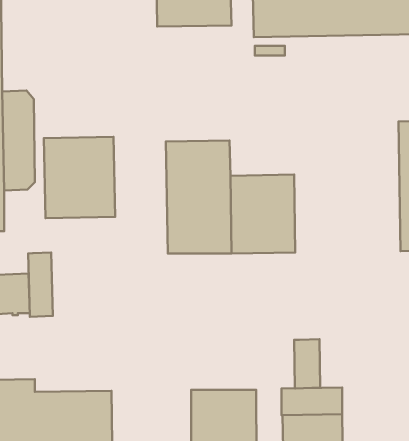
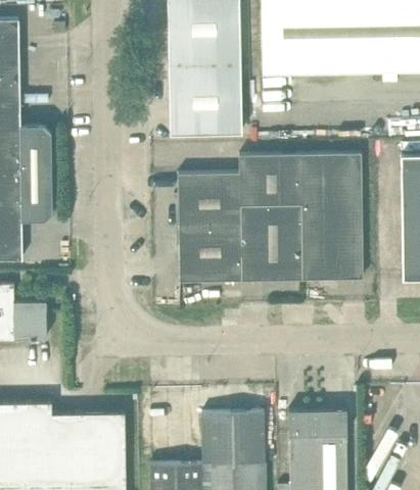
building: none -> [169,64,241,136]
building: none -> [238,154,363,282]
building: [44,137,115,218] -> none
building: [28,252,53,317] -> none
building: [294,339,320,388] -> none

